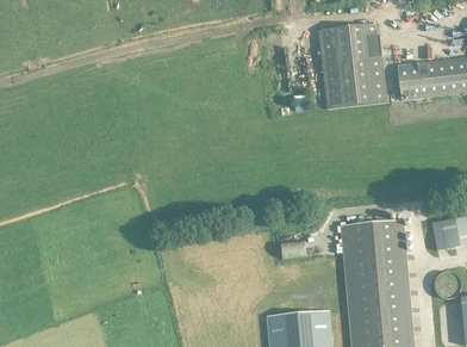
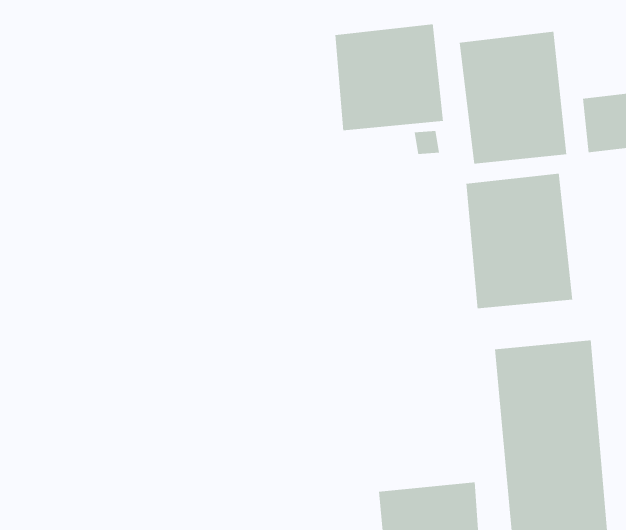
building: none -> [335,24,444,131]
building: none -> [466,173,573,309]

